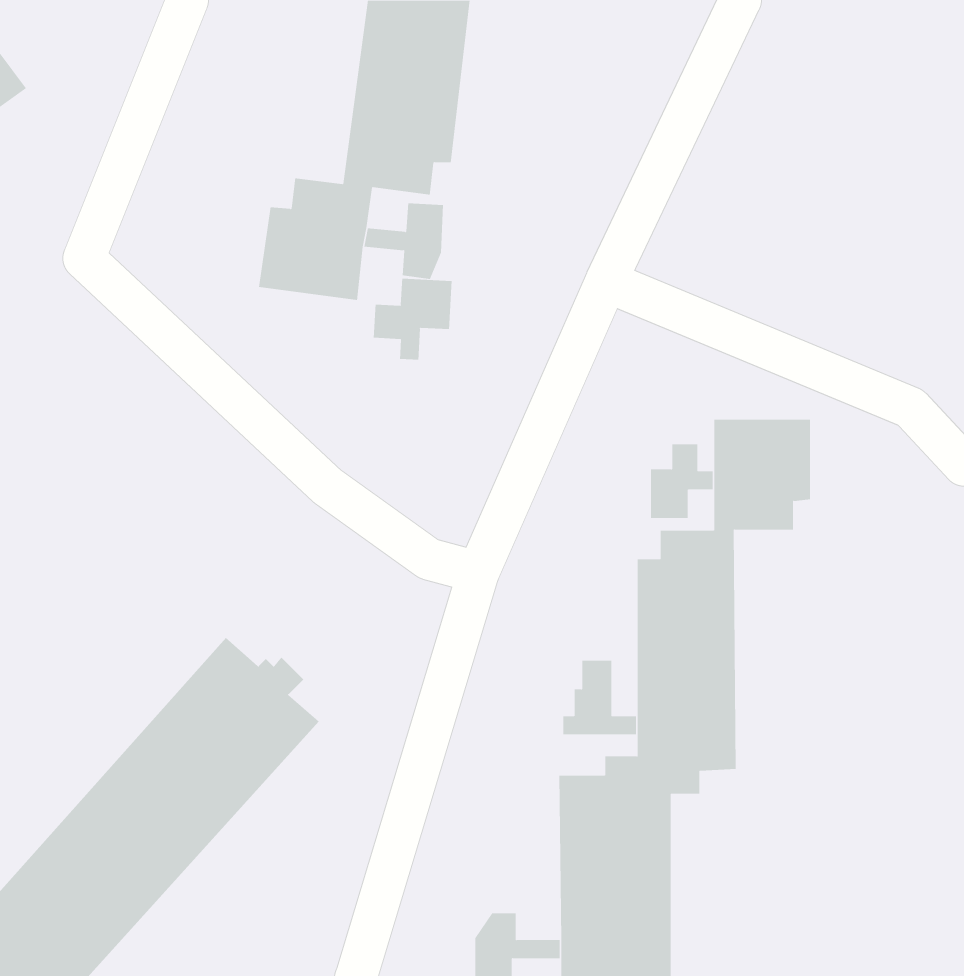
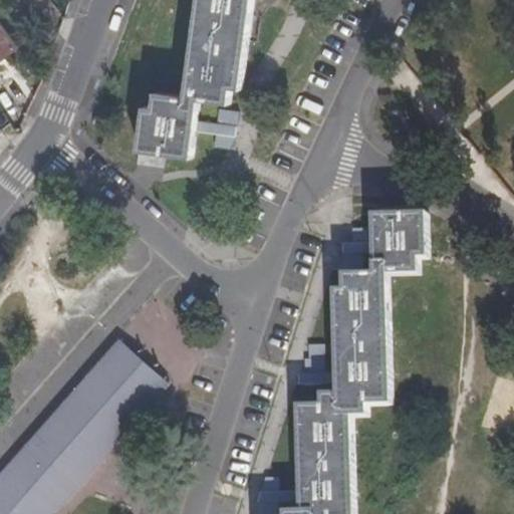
building: [373,278,452,360] -> none

